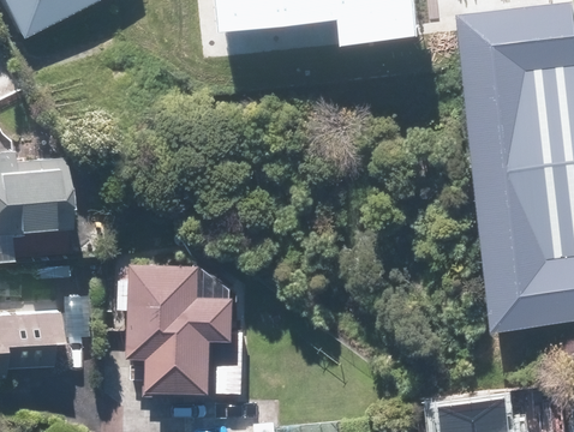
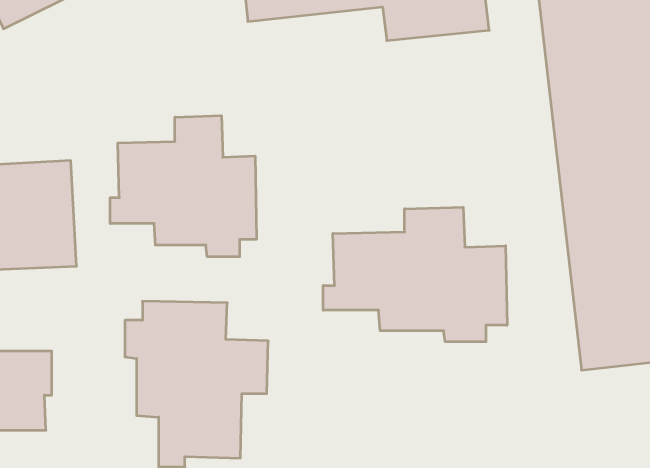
building: none -> [110,116,256,257]
building: none -> [323,207,507,342]

